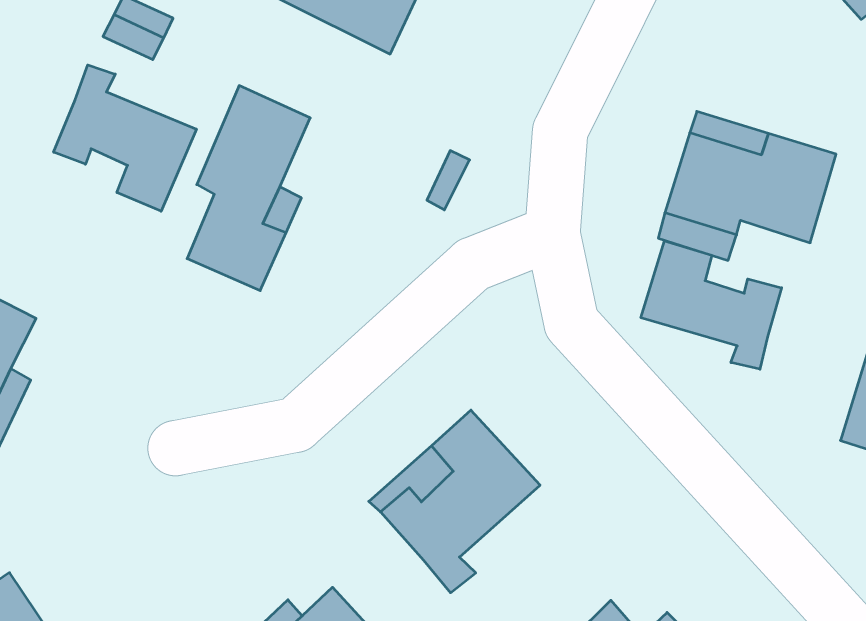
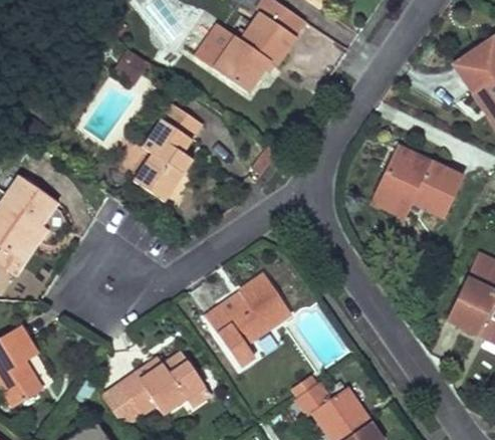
building: [54,65,196,211] -> none
building: [641,241,782,369] -> none

